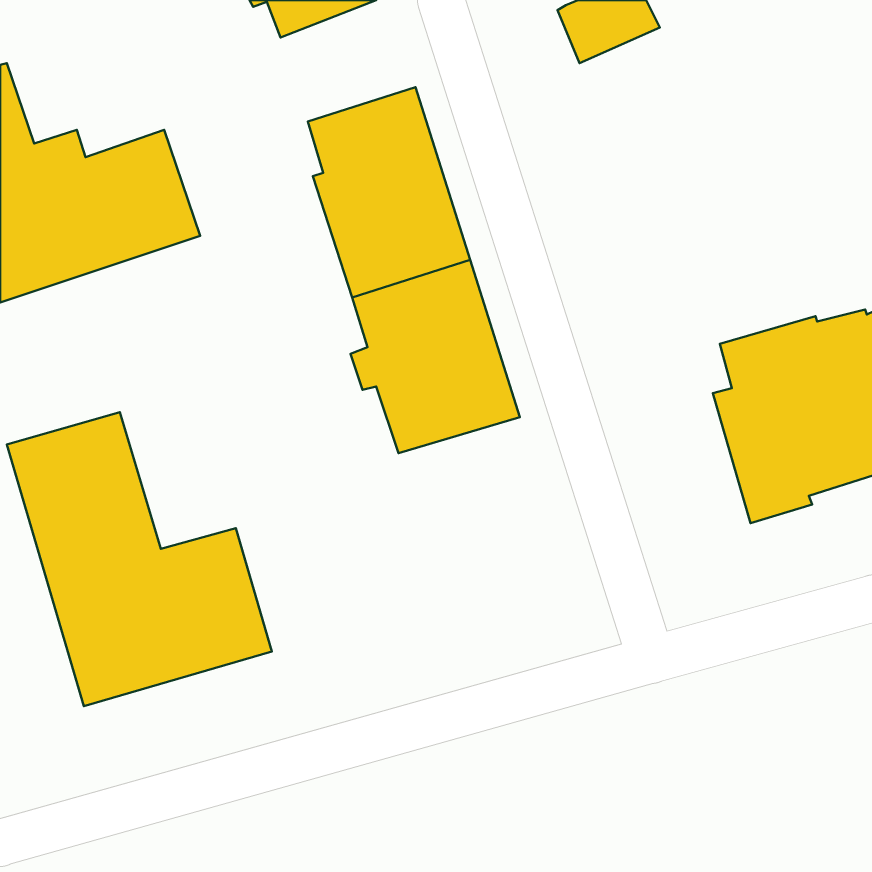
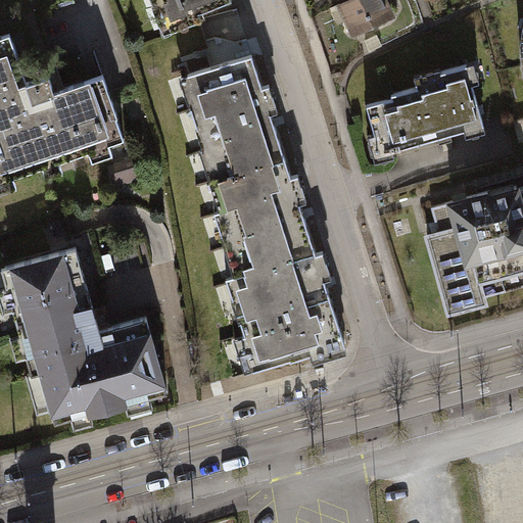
building: none -> [367,65,484,153]
building: none -> [222,250,340,370]

